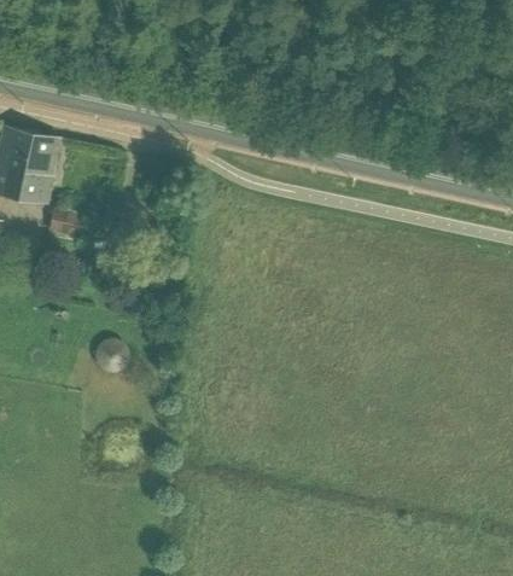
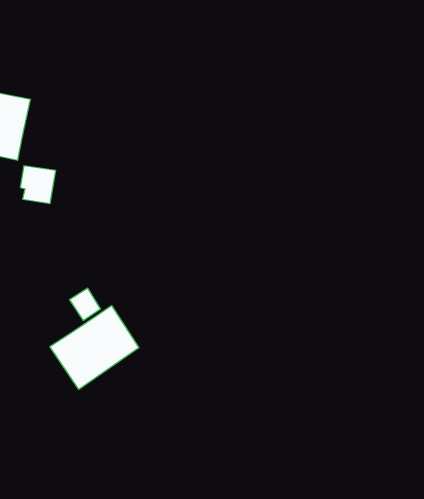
building: none -> [50,306,139,389]

